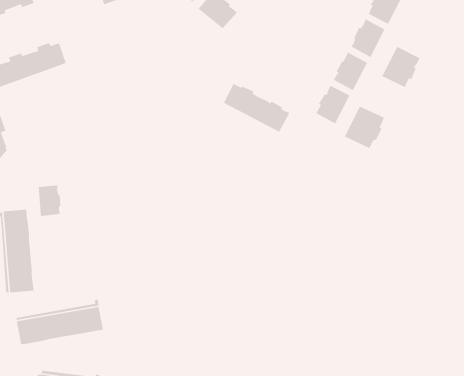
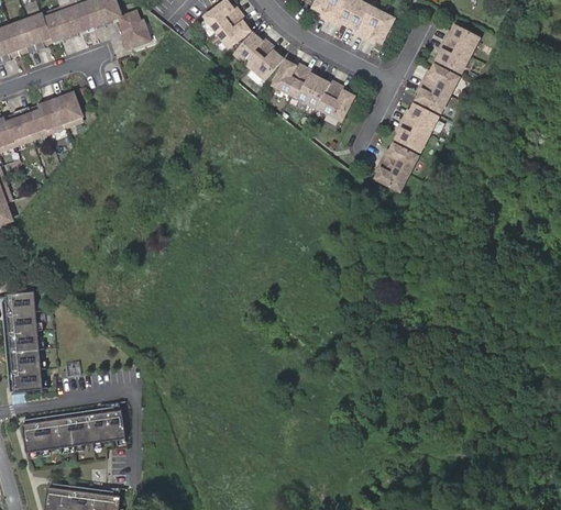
building: [381,46,420,88] -> none
building: [223,83,291,133] -> [274,60,354,120]
building: [344,106,385,149] -> none
building: [38,184,61,217] -> none

